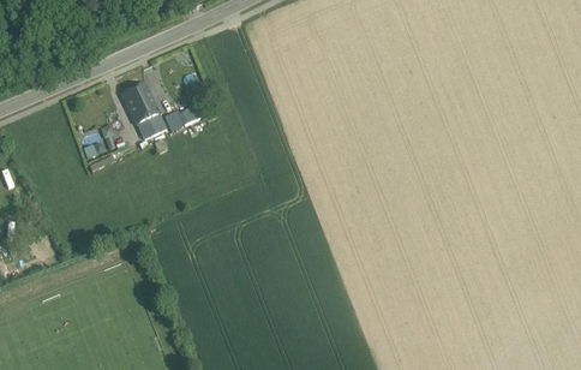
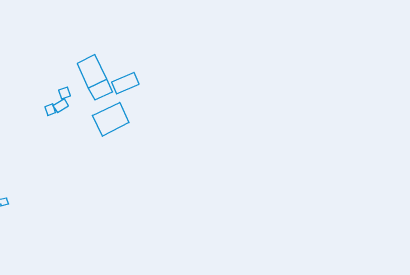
building: none -> [92,102,129,136]

